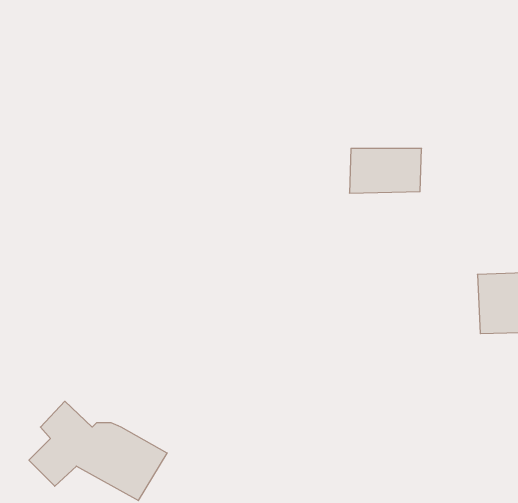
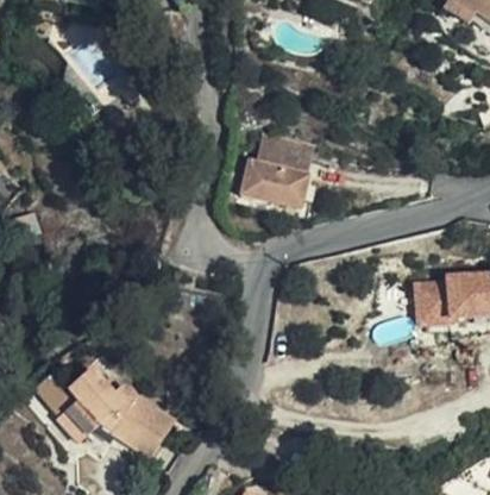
building: [349,148,422,193] -> [244,153,303,190]

